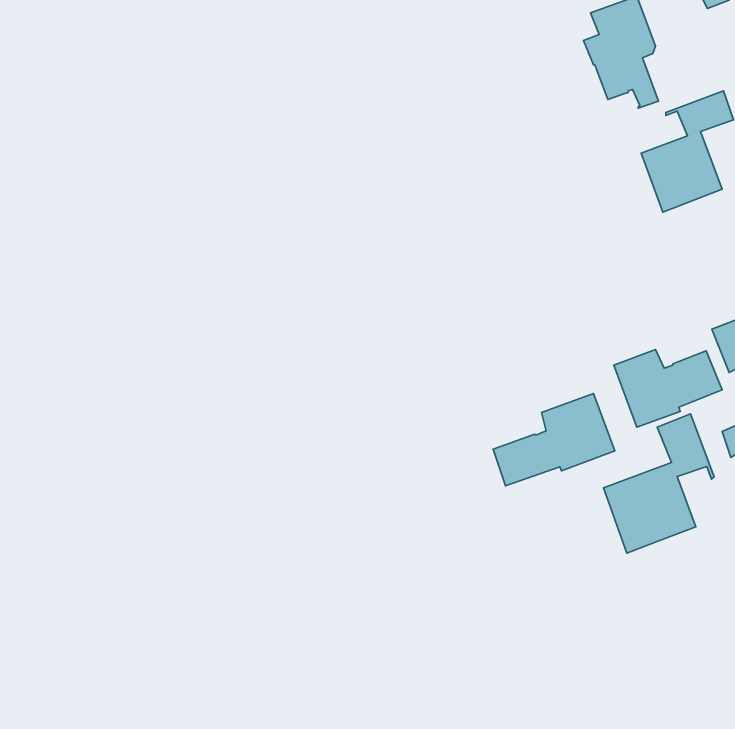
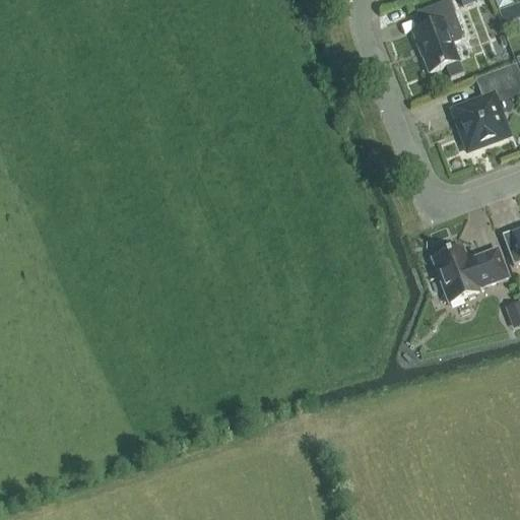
building: [493,393,615,486] -> none
building: [604,414,714,553] -> none

